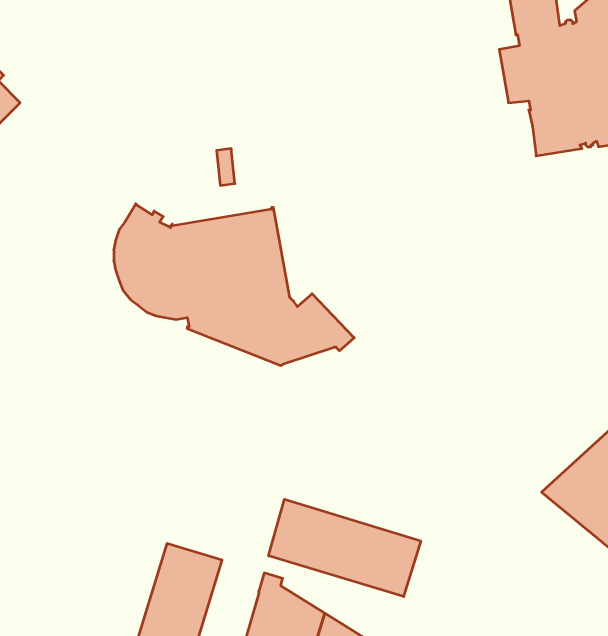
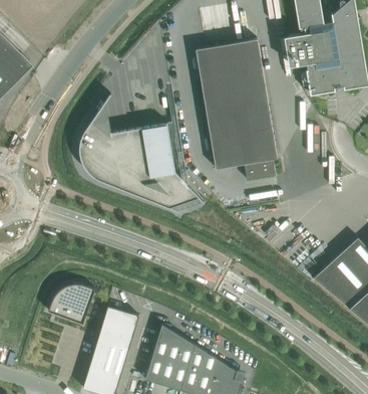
building: none -> [196,39,277,180]
building: [269,499,421,597] -> none
building: none -> [48,283,95,324]

